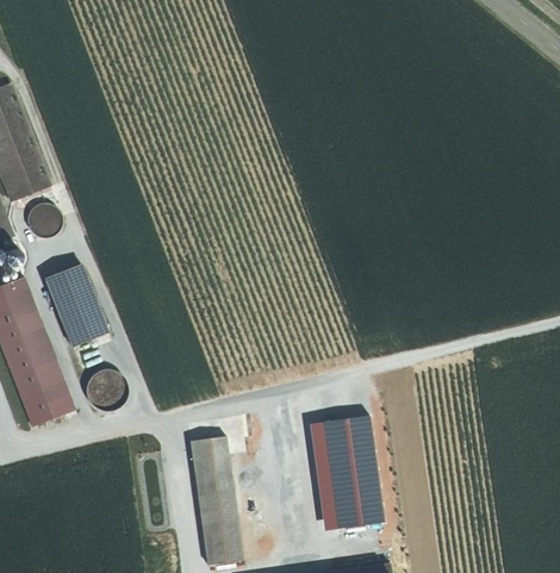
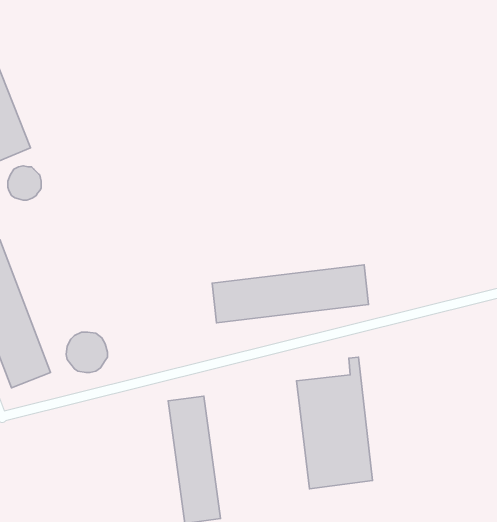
building: [44,263,106,347] -> none
building: none -> [212,265,368,323]

